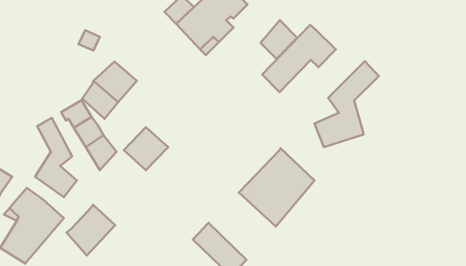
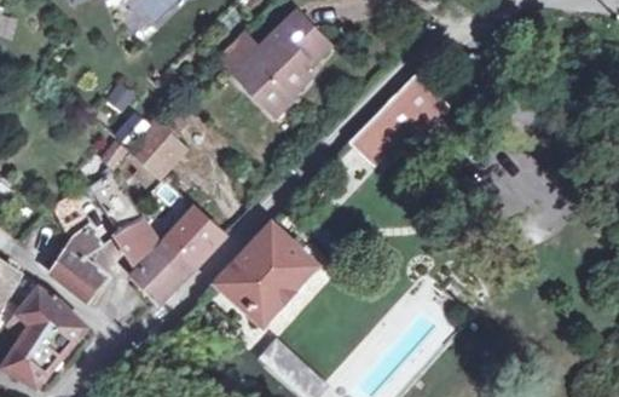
building: [261,20,297,59] -> none
building: [315,61,379,147] -> none
building: [239,148,315,227] -> [215,225,314,328]
building: [66,205,115,255] -> [132,240,196,306]

